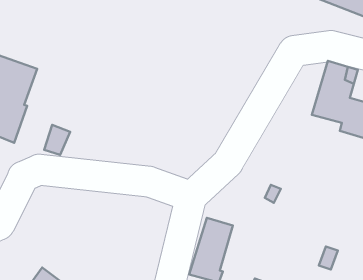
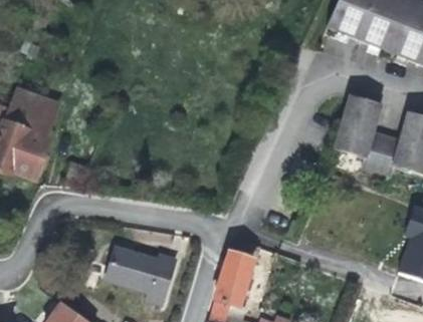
building: none -> [104,246,175,303]

